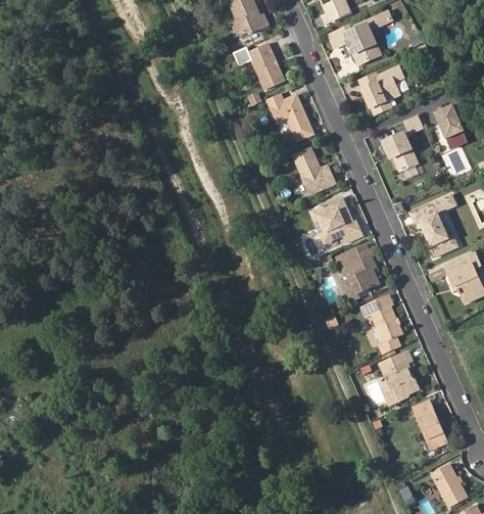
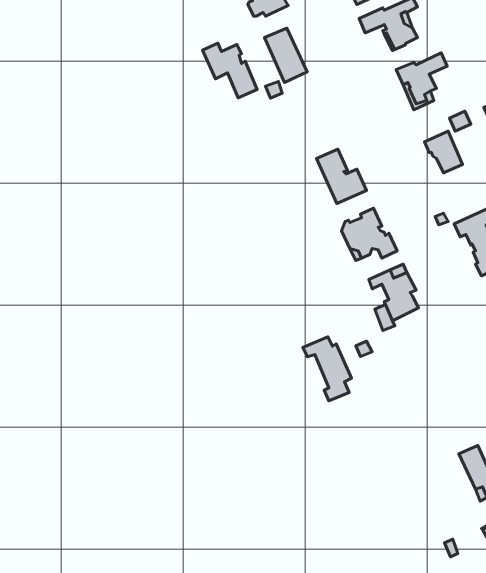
building: [264,94,311,141] -> [202,43,257,98]
building: [360,298,402,354] -> [303,337,352,401]
building: [379,354,415,401] -> none

